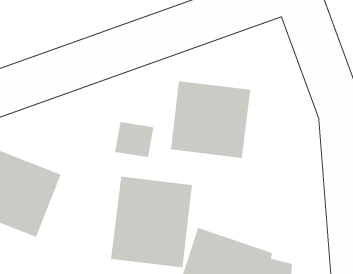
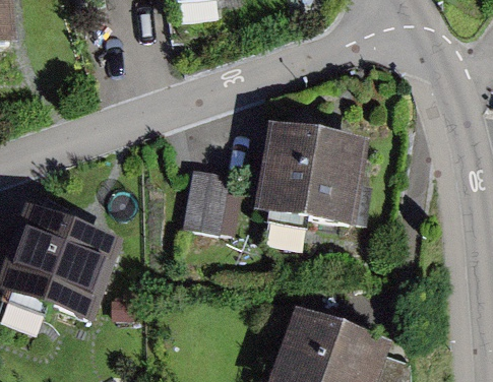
building: [110,176,192,268] -> none

